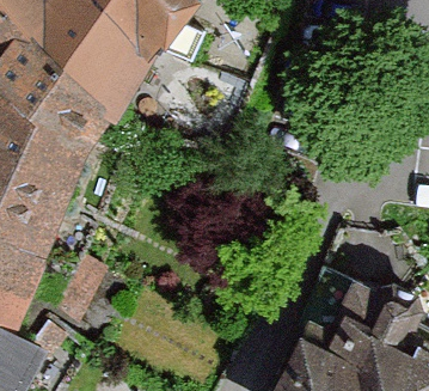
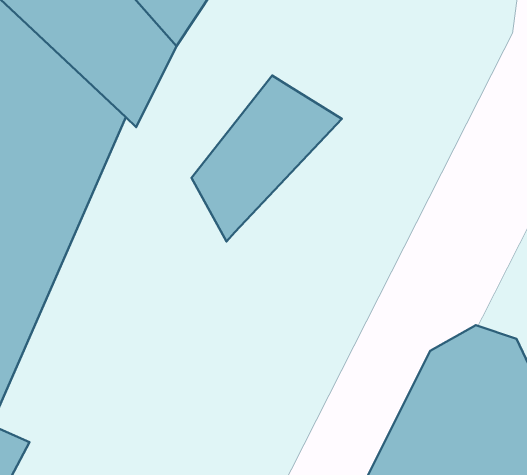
building: none -> [192,75,342,242]

